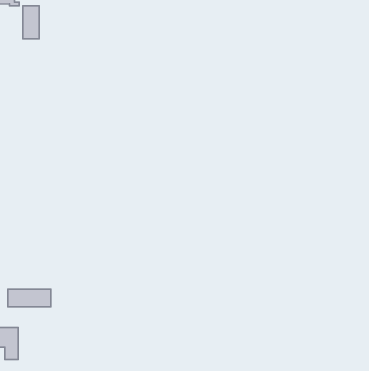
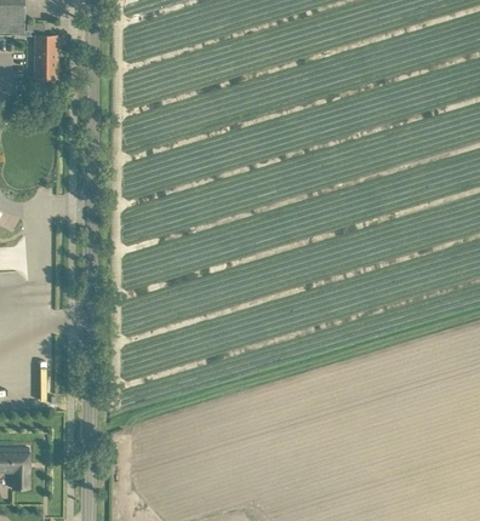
building: [8,289,51,307] -> none

